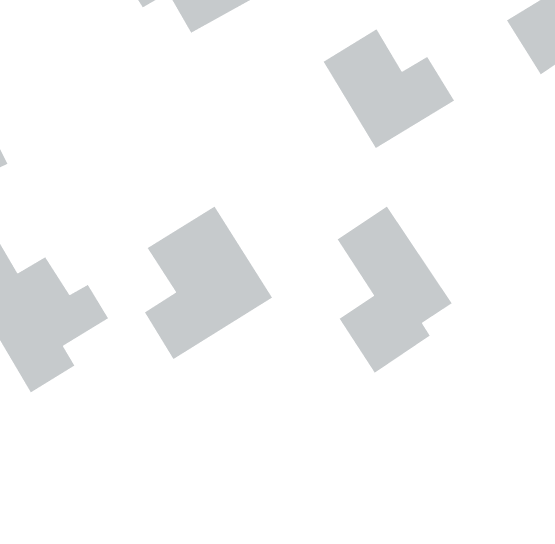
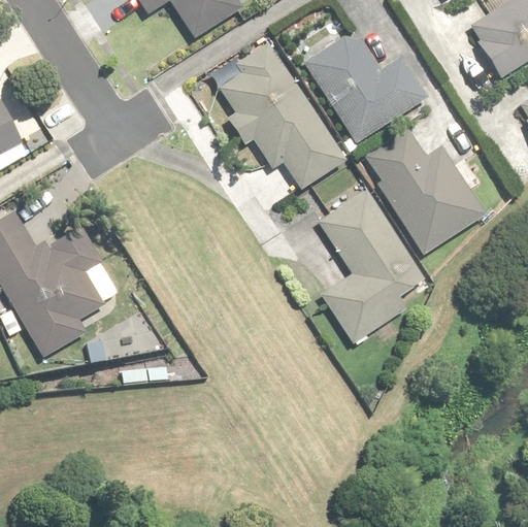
building: none -> [220,41,343,187]
building: none -> [365,130,482,252]
building: [144,206,273,360] -> none

